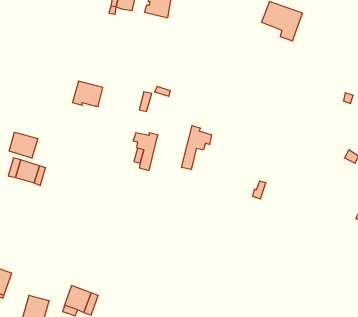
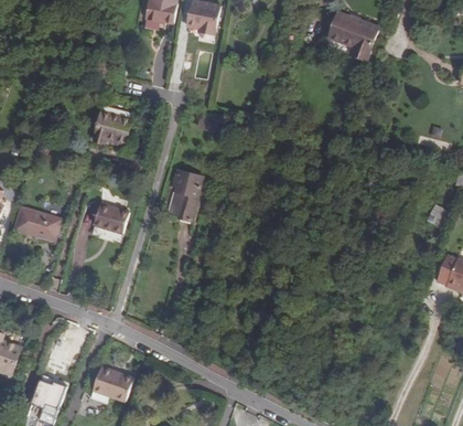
building: [182,125,211,170] -> none
building: [9,132,38,158] -> none
building: none -> [91,201,128,238]

